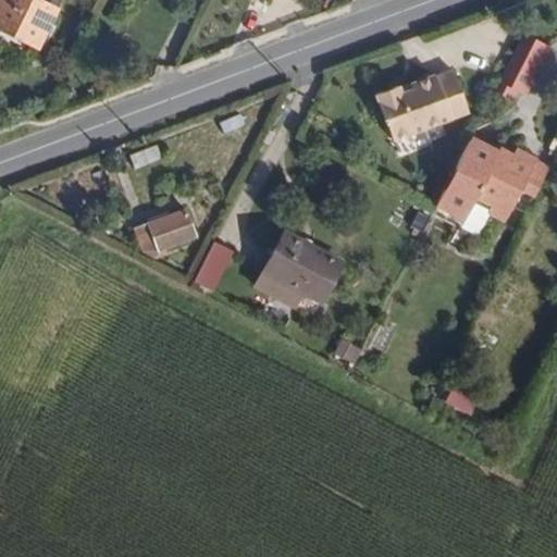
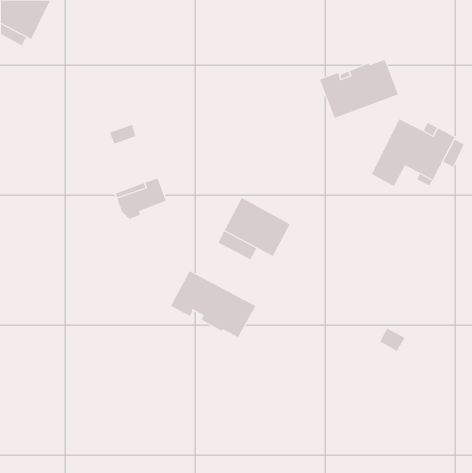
building: [495,33,549,100] -> none
building: [198,238,236,288] -> none
building: none -> [170,271,256,338]

